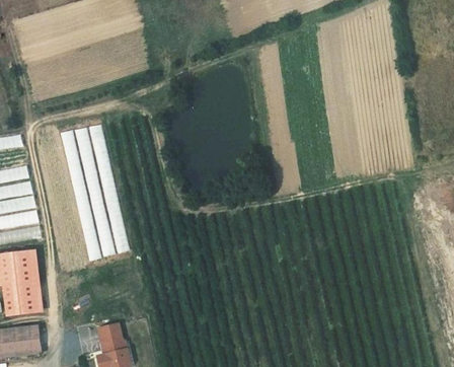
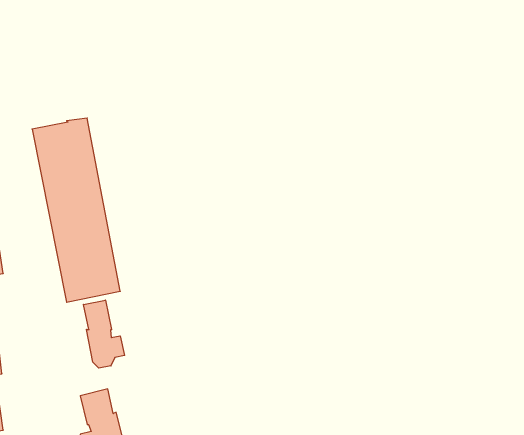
building: none -> [83,300,125,368]

